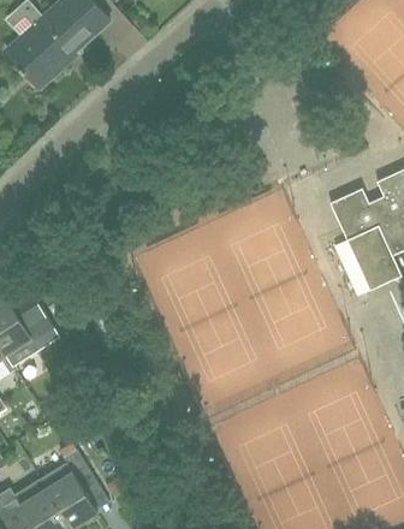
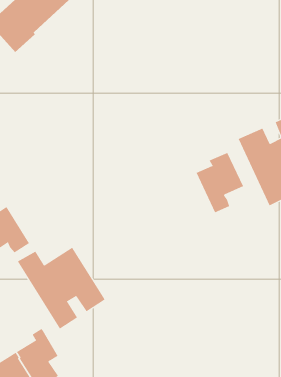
building: none -> [196,152,244,213]
building: none -> [17,247,106,329]

